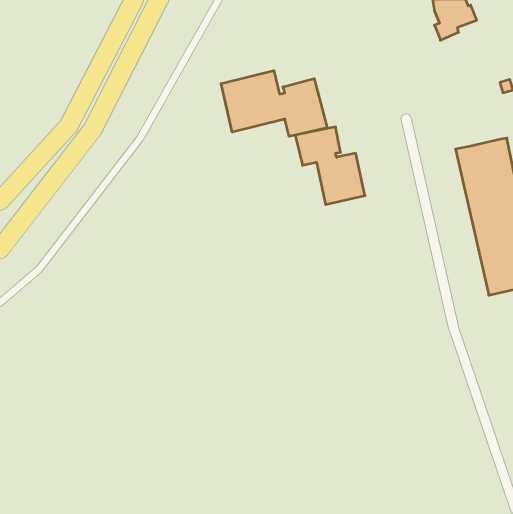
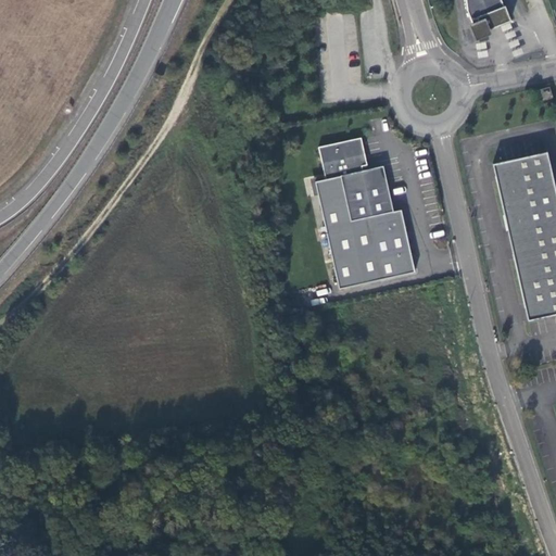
building: [221,71,327,136] -> none
building: none -> [315,175,417,288]

